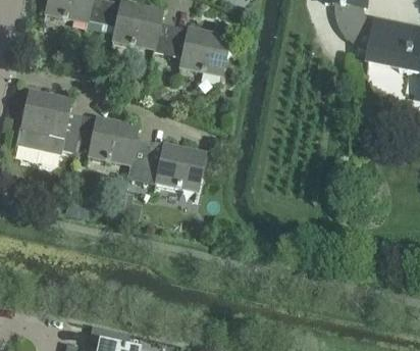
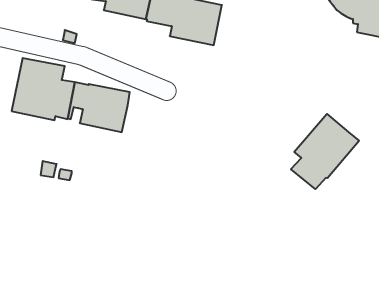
building: [127,138,207,193] -> none
building: none -> [291,114,359,189]

